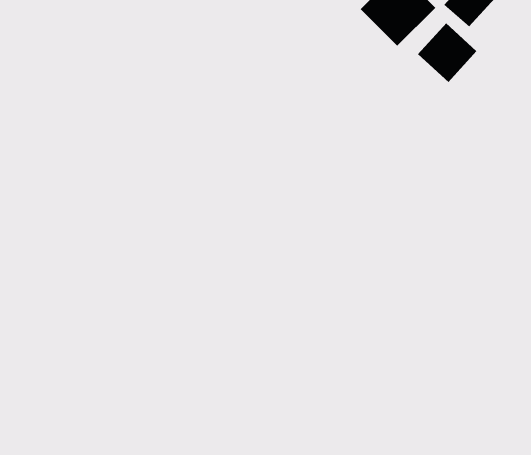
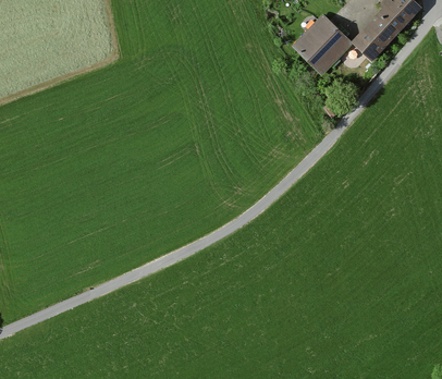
building: [417,23,477,83] -> none

